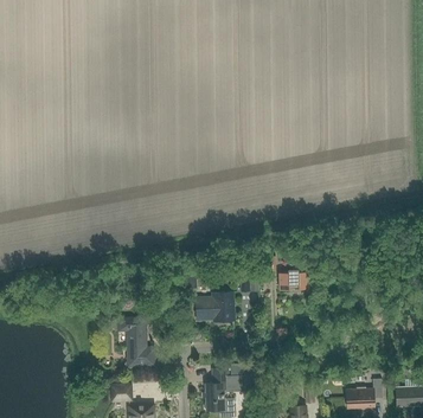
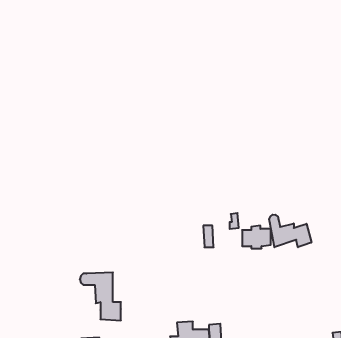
building: none -> [269,215,311,247]
building: [194,292,235,322] -> none

